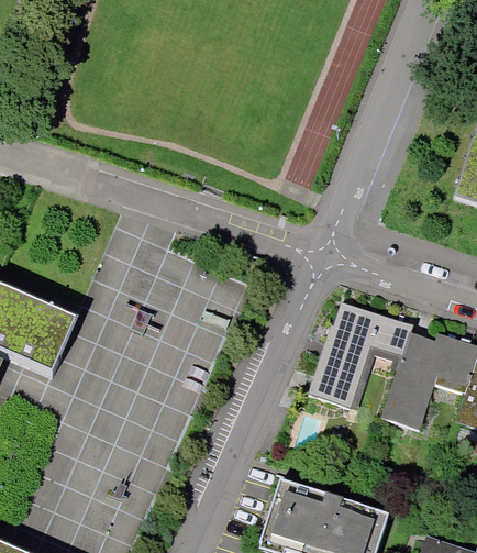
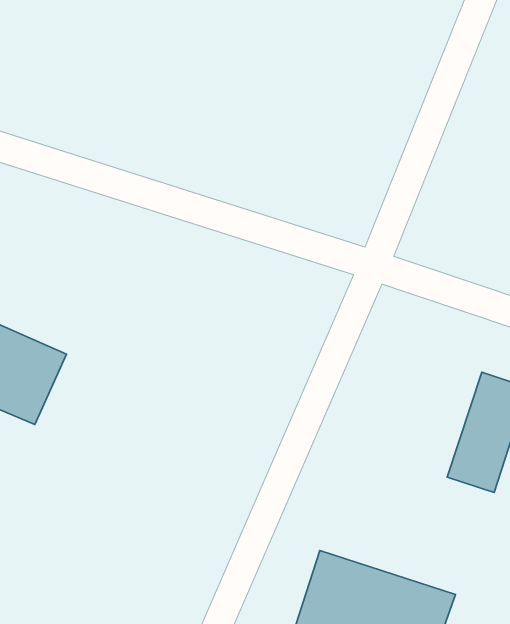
building: [309,303,412,409] -> none

